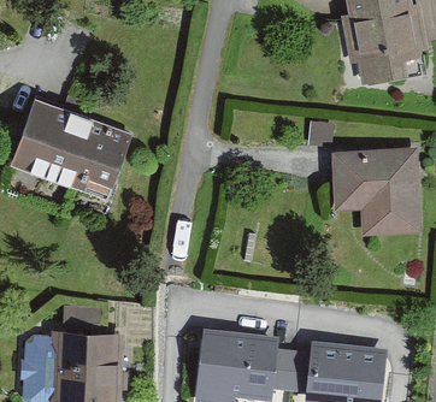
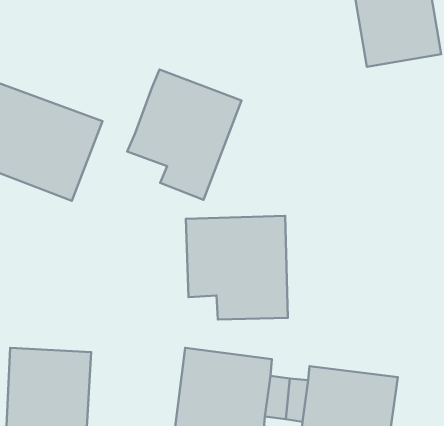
building: none -> [127,70,242,200]
building: [332,147,420,236] -> [186,216,288,319]

